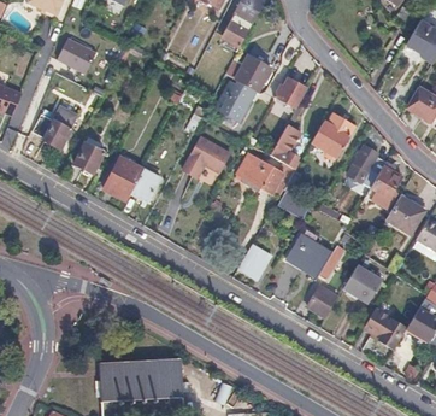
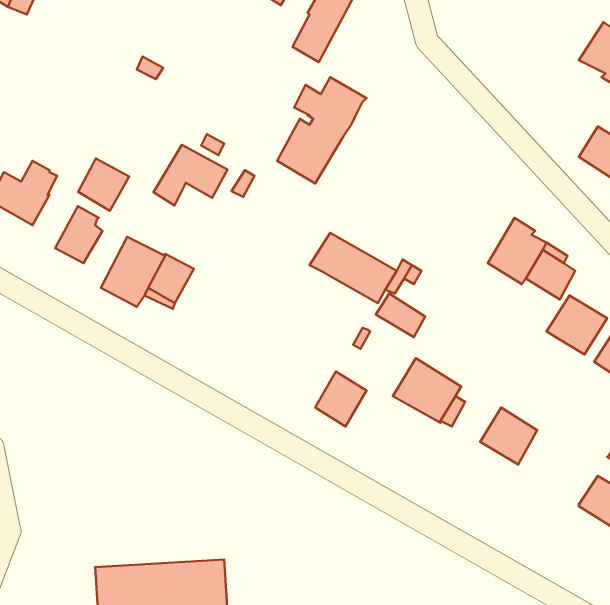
building: [58,36,98,71] -> none
building: [275,76,307,106] -> none
building: none -> [78,158,129,211]
building: [313,110,355,154] -> none
building: [269,124,300,166] -> none
building: [183,136,230,175] -> [153,145,227,205]
building: [307,282,337,315] -> none
building: [361,304,406,344] -> none

